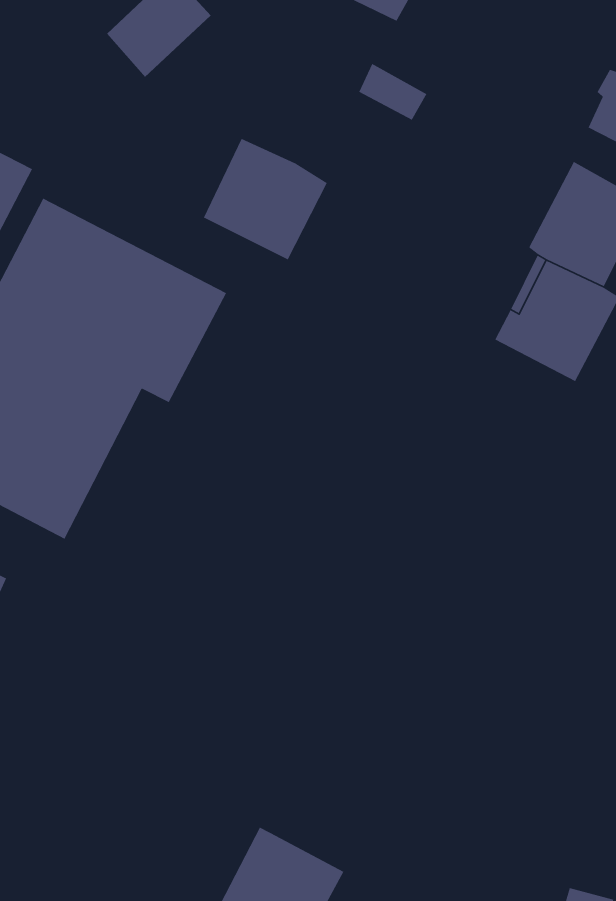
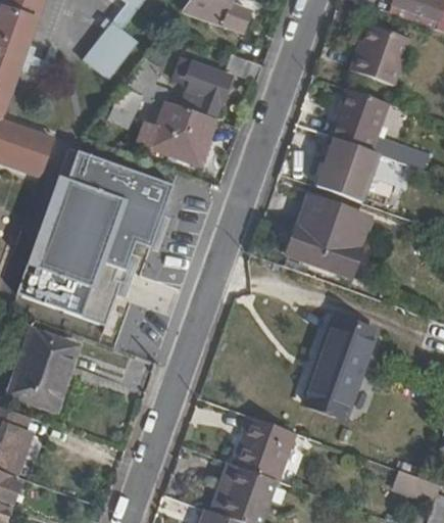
building: none -> [175,57,231,117]
building: none -> [285,199,365,278]
building: none -> [303,318,373,416]
building: none -> [234,415,292,479]

